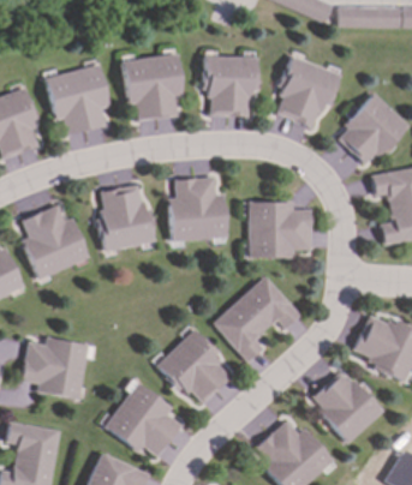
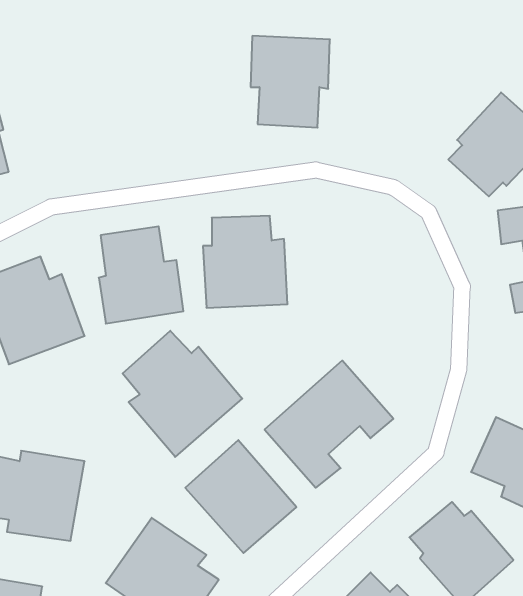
building: [121,54,183,120] -> none
building: [275,55,340,127] -> none
building: [44,65,108,136] -> none
building: [250,202,311,258] -> none
building: none -> [123,331,242,457]

